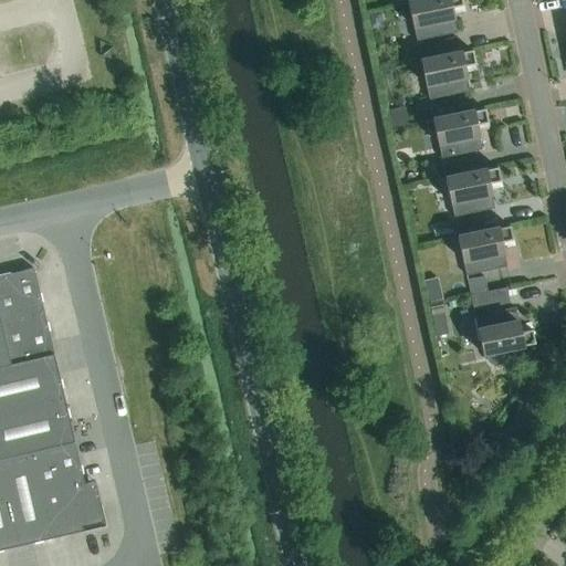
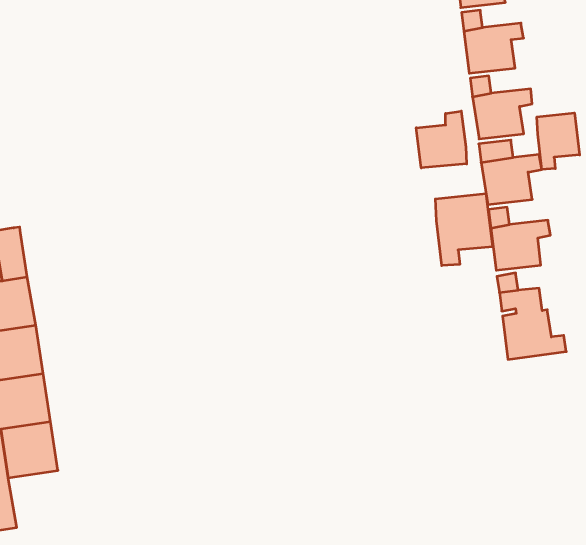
building: none -> [537,113,580,169]
building: none -> [416,111,467,168]
building: none -> [435,194,492,266]
building: [40,484,106,538] -> none

